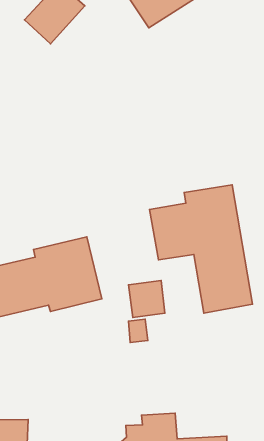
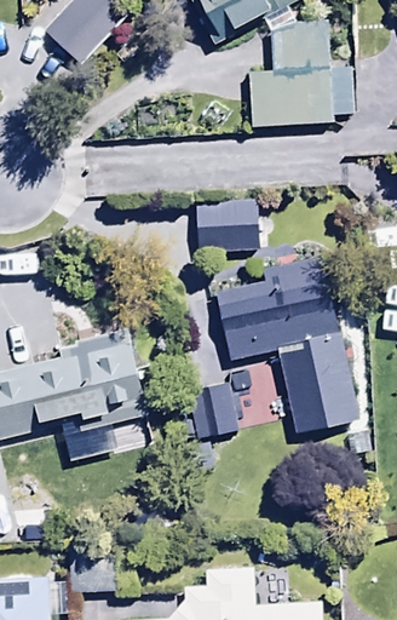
building: none -> [251,27,352,126]
building: none -> [197,199,257,248]

